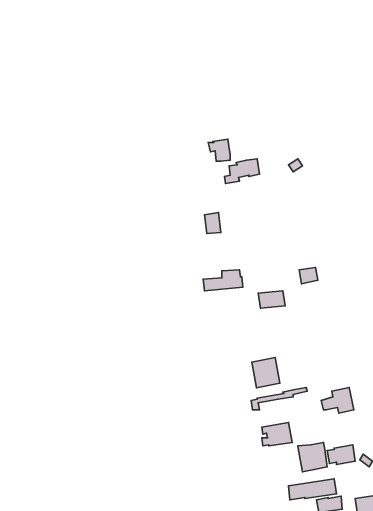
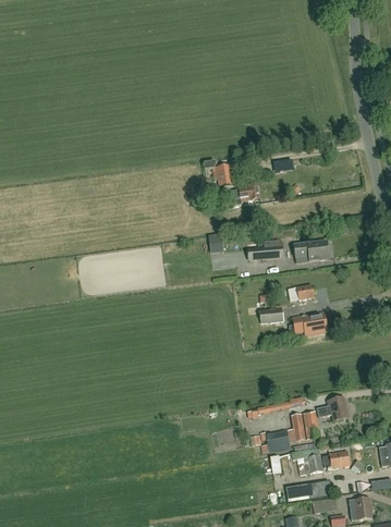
building: none -> [293,241,328,260]
building: [203,270,243,291] -> [246,240,283,259]
building: none -> [292,311,327,334]
building: [252,357,280,388] -> [293,410,319,439]

